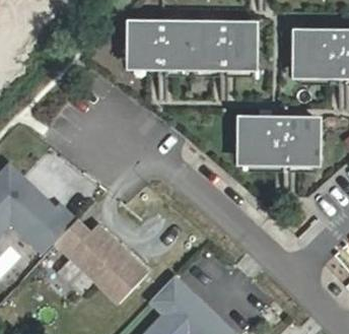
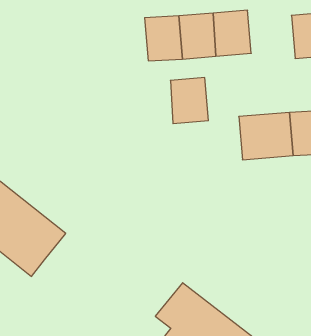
building: [130,27,162,67] -> [170,78,208,124]
building: [53,218,147,302] -> none

